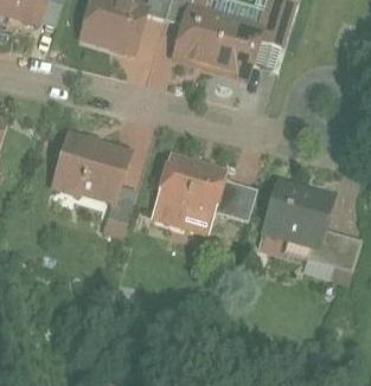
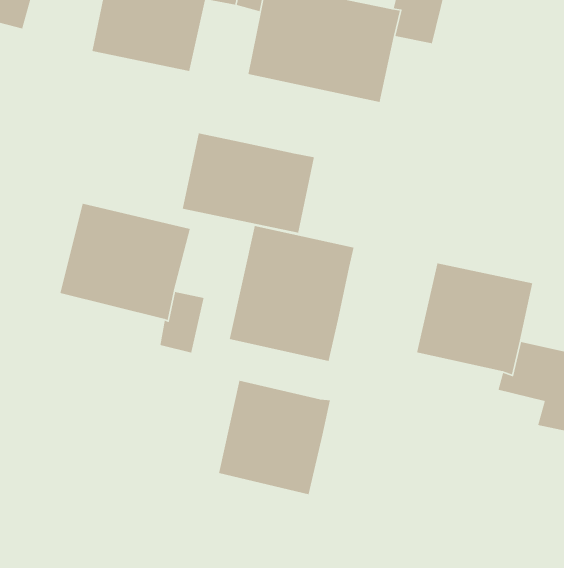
building: none -> [182,133,315,234]
building: [217,178,257,218] -> none
building: none -> [218,380,331,495]

